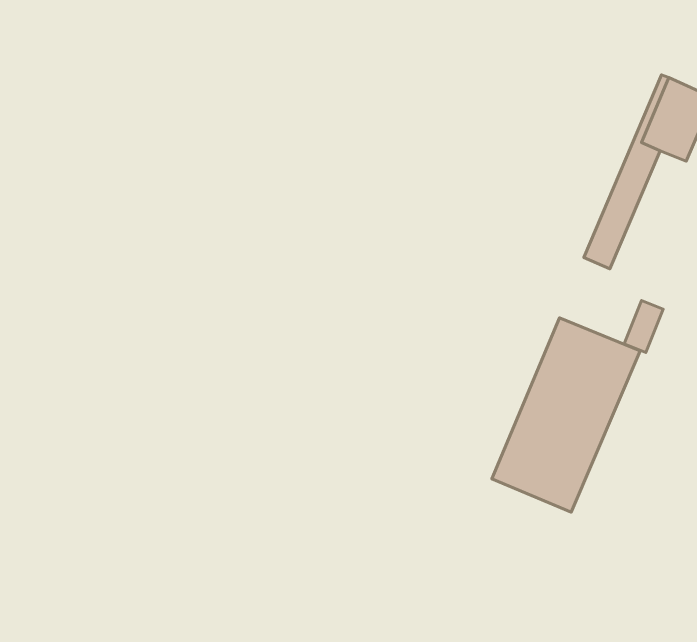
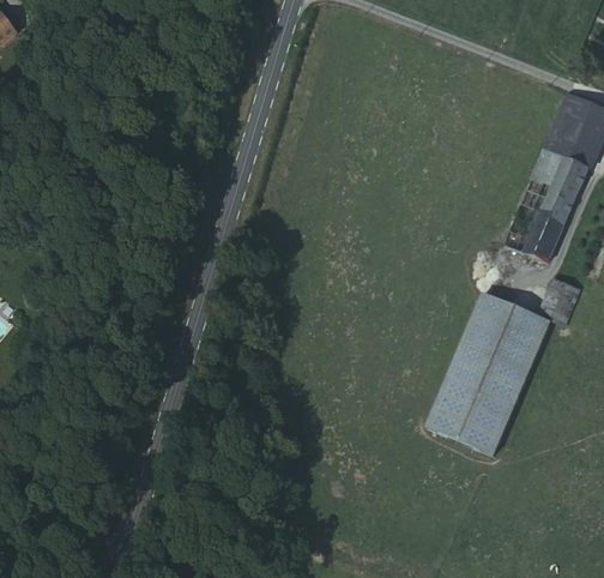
building: none -> [526,155,590,263]

